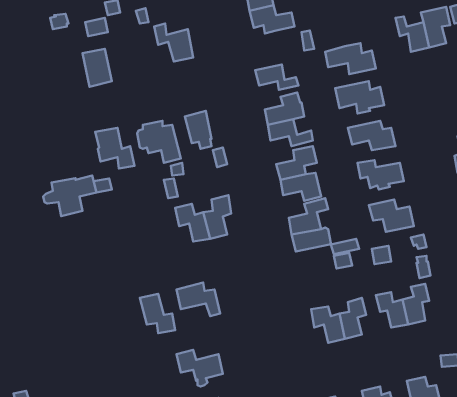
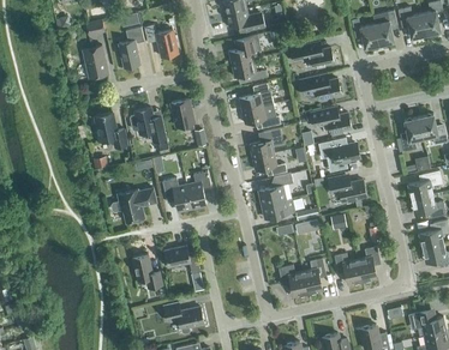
building: none -> [118,28,144,68]
building: none -> [228,36,261,65]
building: [43,176,96,216] -> [110,188,156,223]

